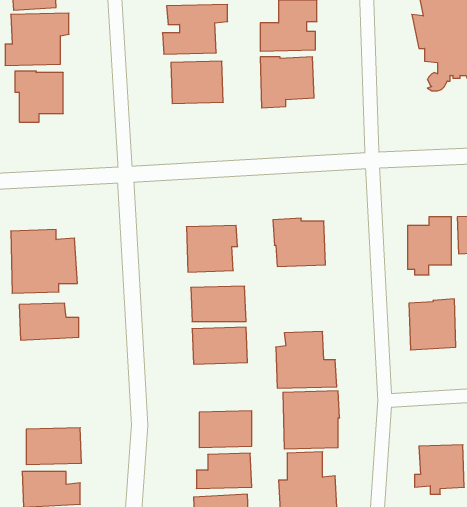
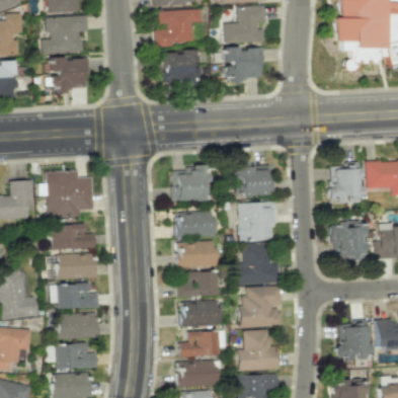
building: none -> [238,202,276,241]
building: none -> [56,253,94,280]
building: none -> [178,271,219,297]
building: none -> [53,284,98,309]

